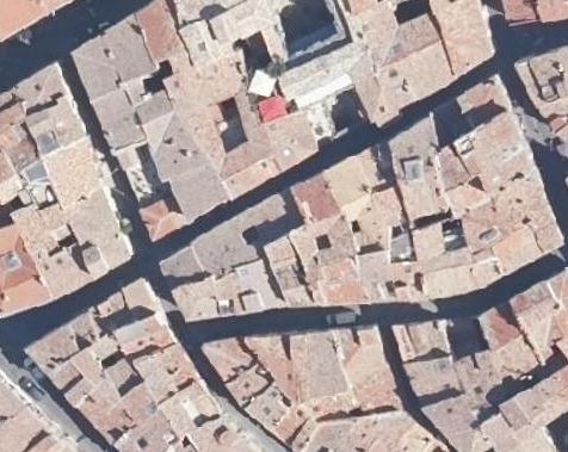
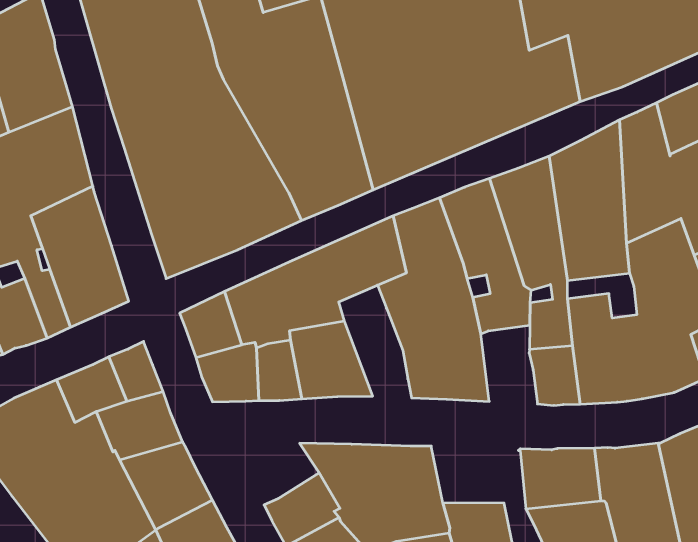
building: [266,233,319,304] -> none
building: [359,249,400,301] -> none
building: [334,330,384,369] -> none
building: [208,339,264,380] -> none

